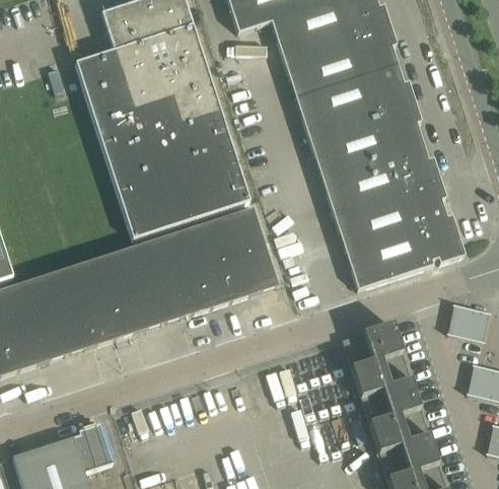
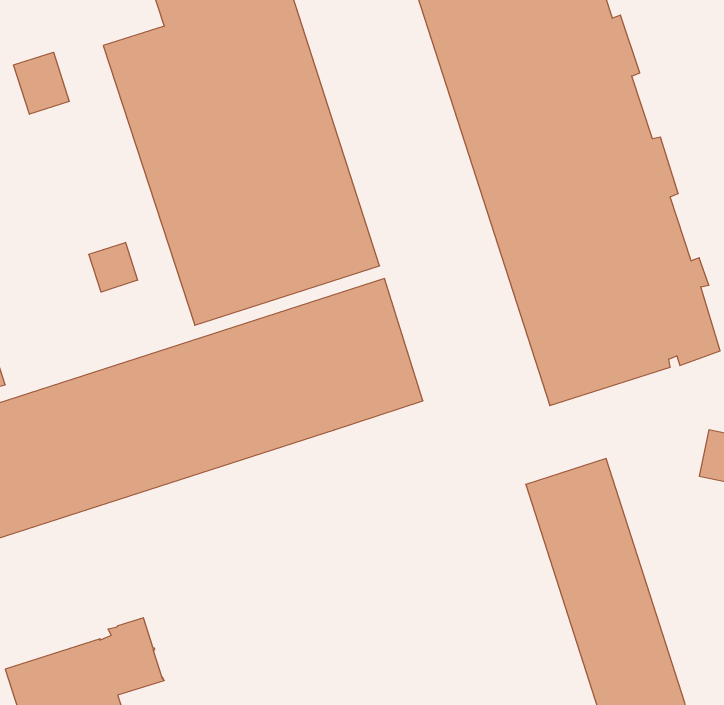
building: none -> [14,52,69,114]
building: none -> [89,242,138,292]

